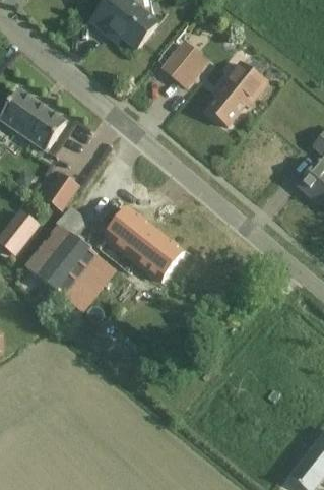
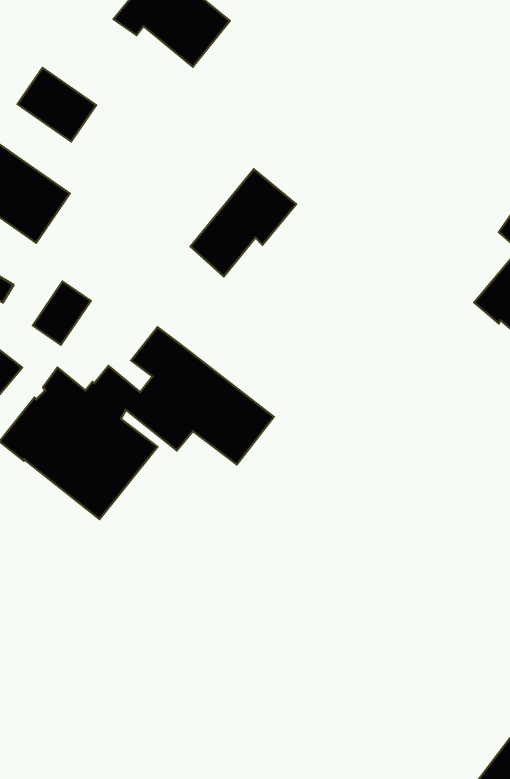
building: [161,42,208,88] -> none
building: none -> [17,68,96,142]
building: [207,62,268,124] -> [190,169,296,276]

